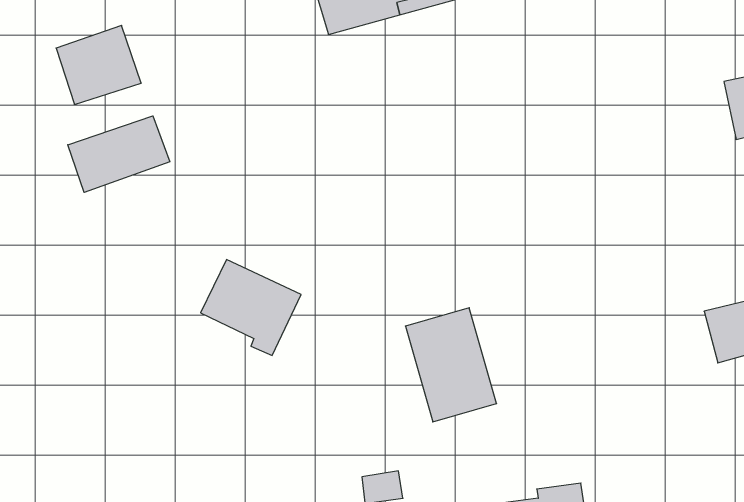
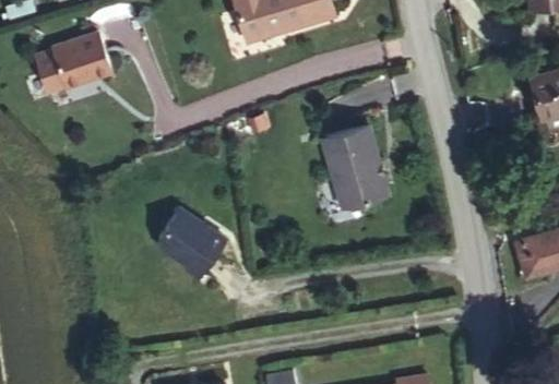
building: [68,116,170,192] -> none
building: [405,308,497,422] -> [322,118,388,200]

